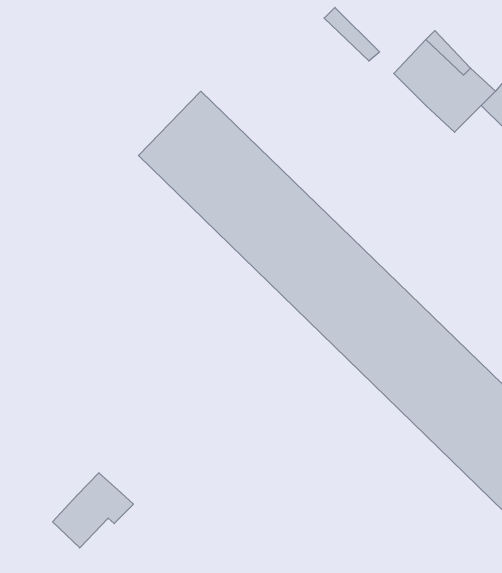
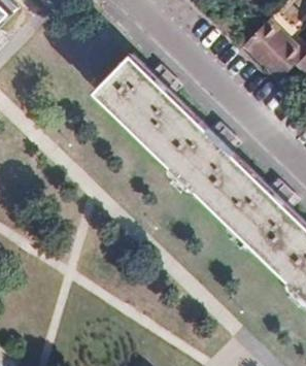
building: [53,473,133,548] -> none

